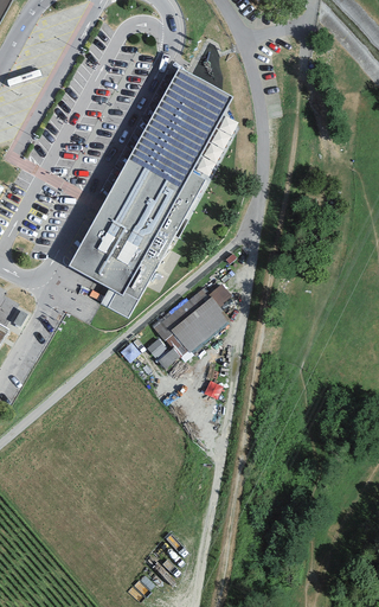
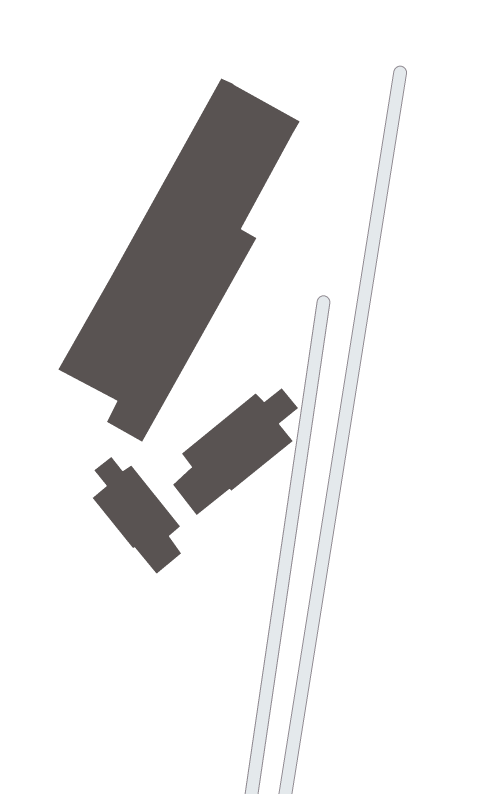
building: none -> [91,456,182,575]

